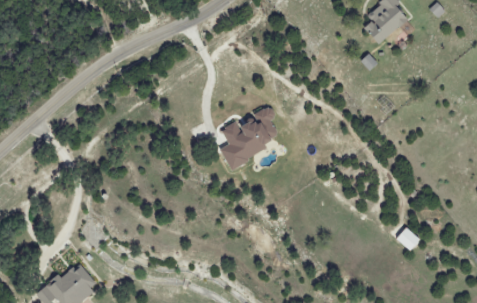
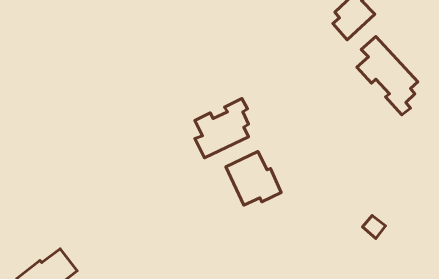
building: none -> [357,37,418,115]
building: none -> [226,152,281,205]

